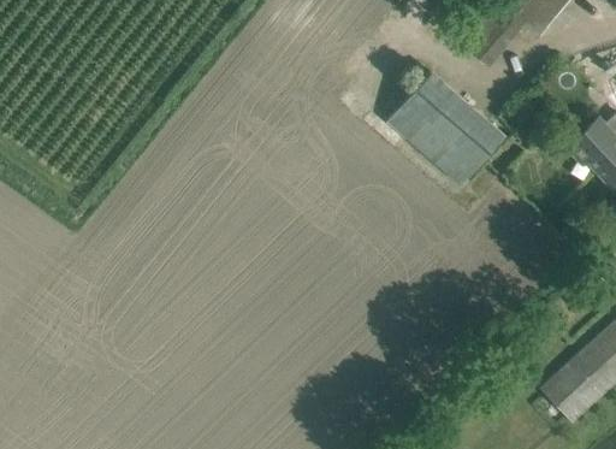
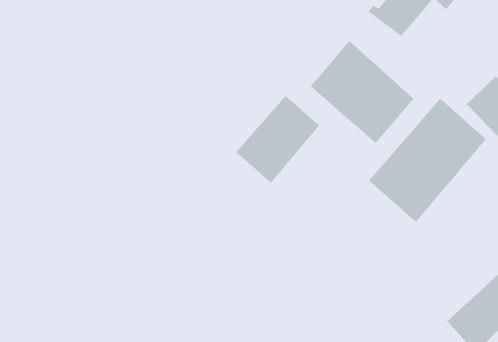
building: none -> [236,95,320,183]
building: none -> [368,98,487,223]

